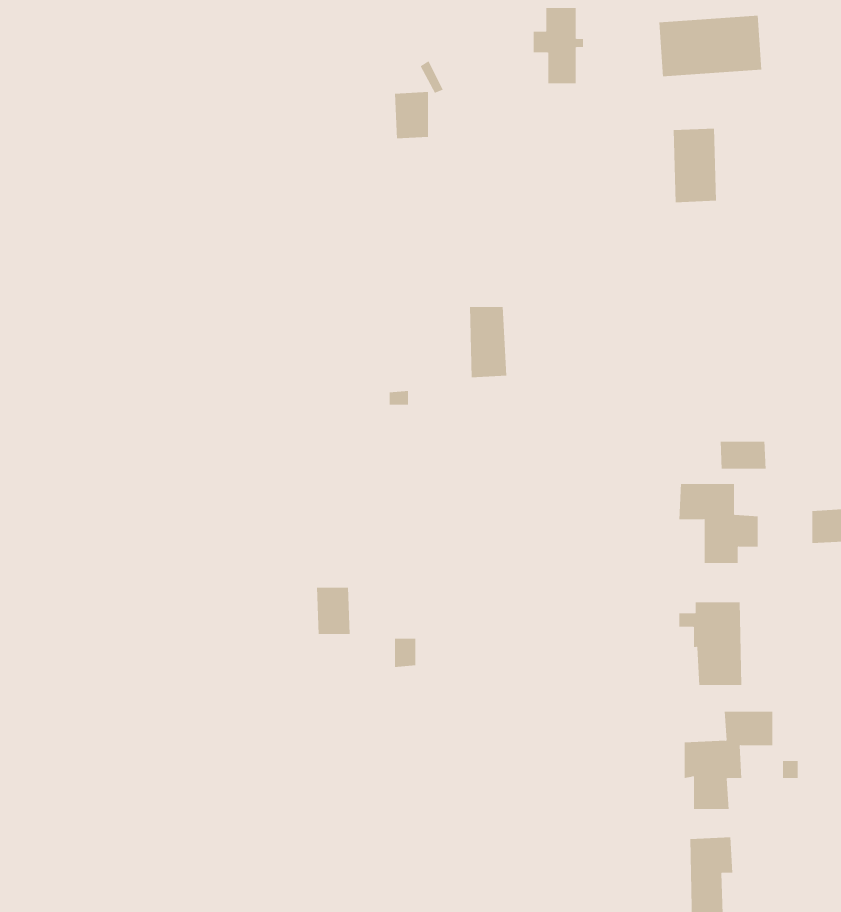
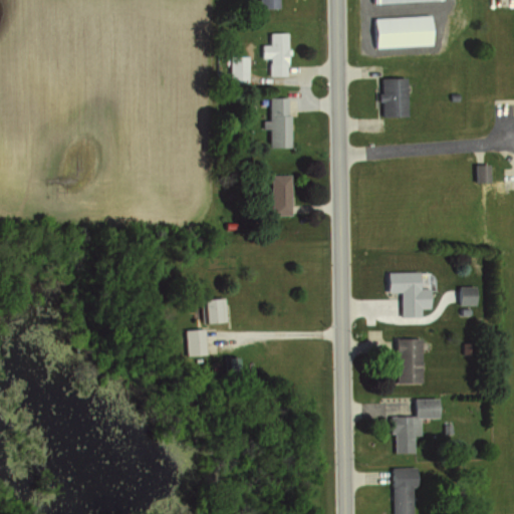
building: [533,7,584,84] -> [266,33,294,75]
building: none -> [267,98,293,148]
building: [720,441,766,469] -> none
building: none -> [203,298,227,324]

